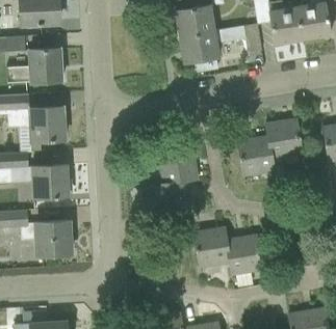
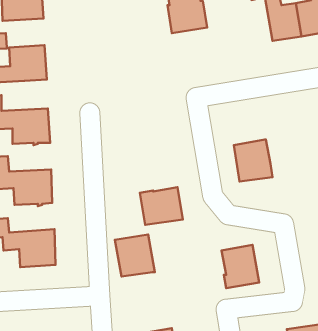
building: [180,24,262,73] -> none
building: [265,118,303,159] -> none
building: [158,148,198,185] -> none
building: [193,227,231,267] -> [115,234,155,277]

